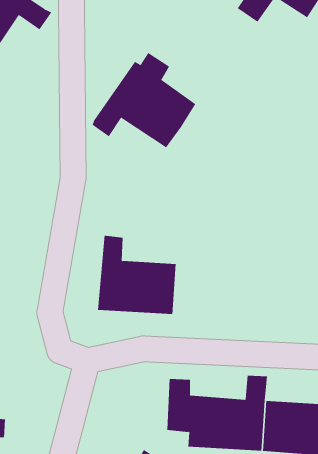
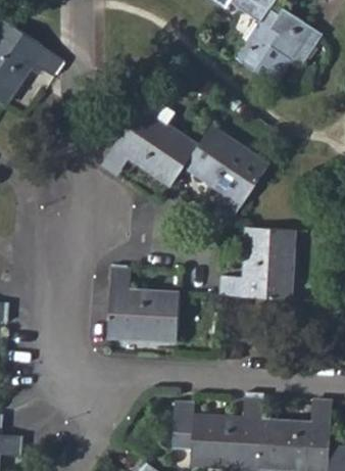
building: none -> [185,127,268,224]
building: none -> [220,227,295,299]

